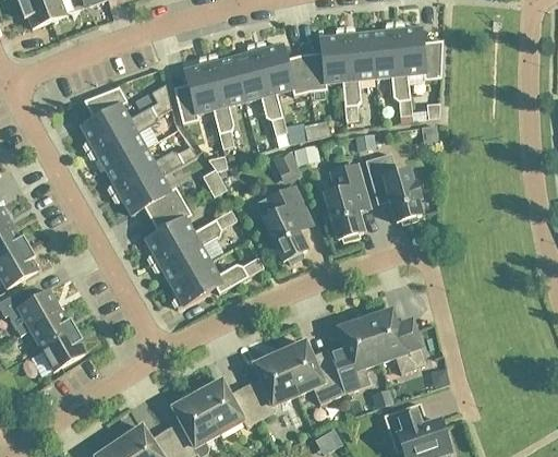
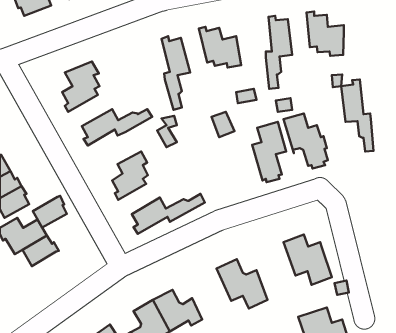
building: [371,23,412,116] -> [341,79,374,152]
building: [304,28,350,91] -> none
building: [233,44,287,134] -> none
building: [173,57,219,123] -> none
building: [88,85,172,169] -> none
building: [113,173,182,218] -> none
building: [263,184,313,262] -> none
building: [153,209,238,282] -> none
building: [330,318,380,393] -> none
building: [41,329,85,370] -> [33,196,67,227]
building: [247,352,298,418] -> none

